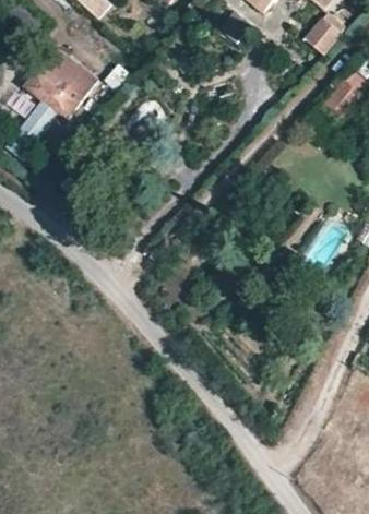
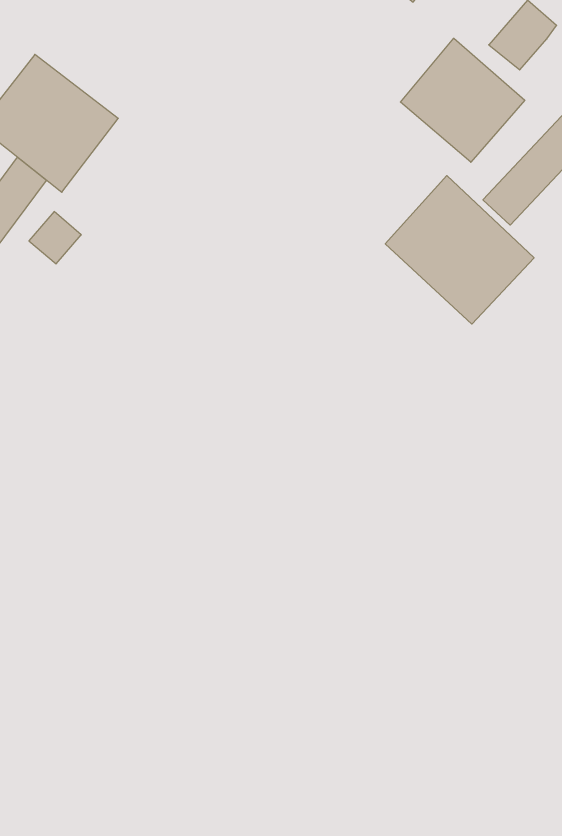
building: none -> [400,38,525,162]
building: none -> [385,176,534,324]

